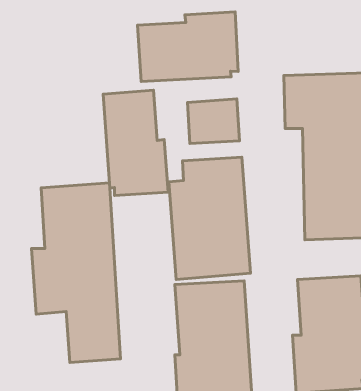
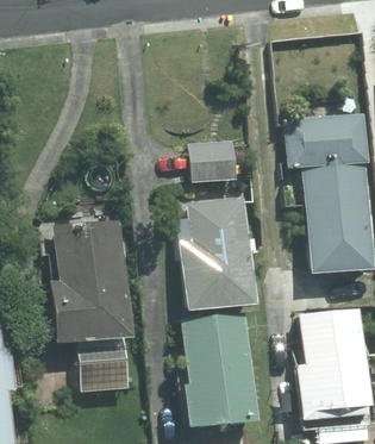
building: [137,12,238,81] -> none
building: [103,90,168,196] -> none

